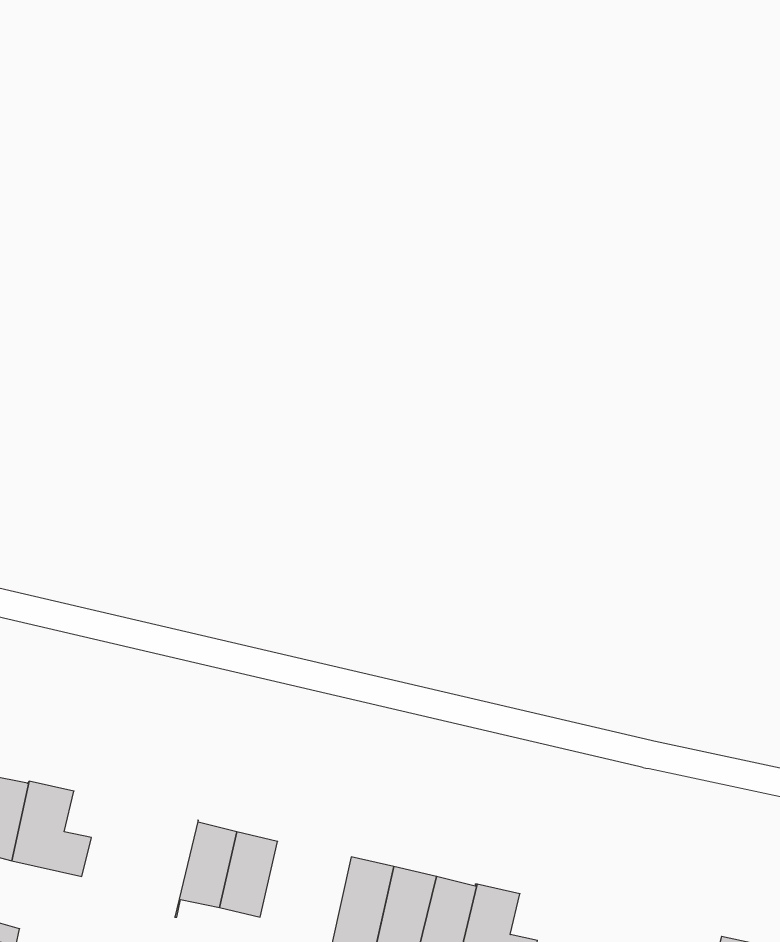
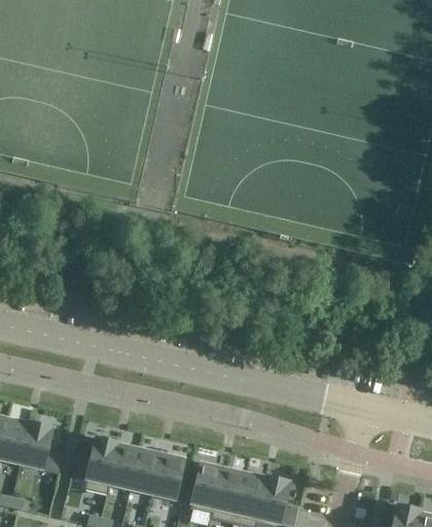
building: none -> [72,438,119,495]
building: none -> [152,455,184,500]

